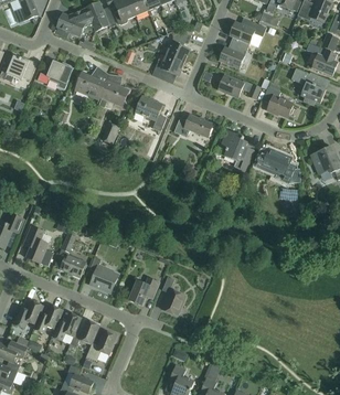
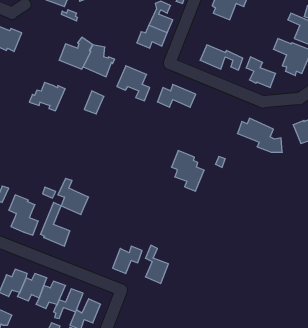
building: [219,42,247,68] -> none
building: [38,60,74,88] -> [29,82,65,111]
building: [221,129,254,170] -> [171,151,204,191]
building: [87,256,118,292] -> [58,178,89,215]

